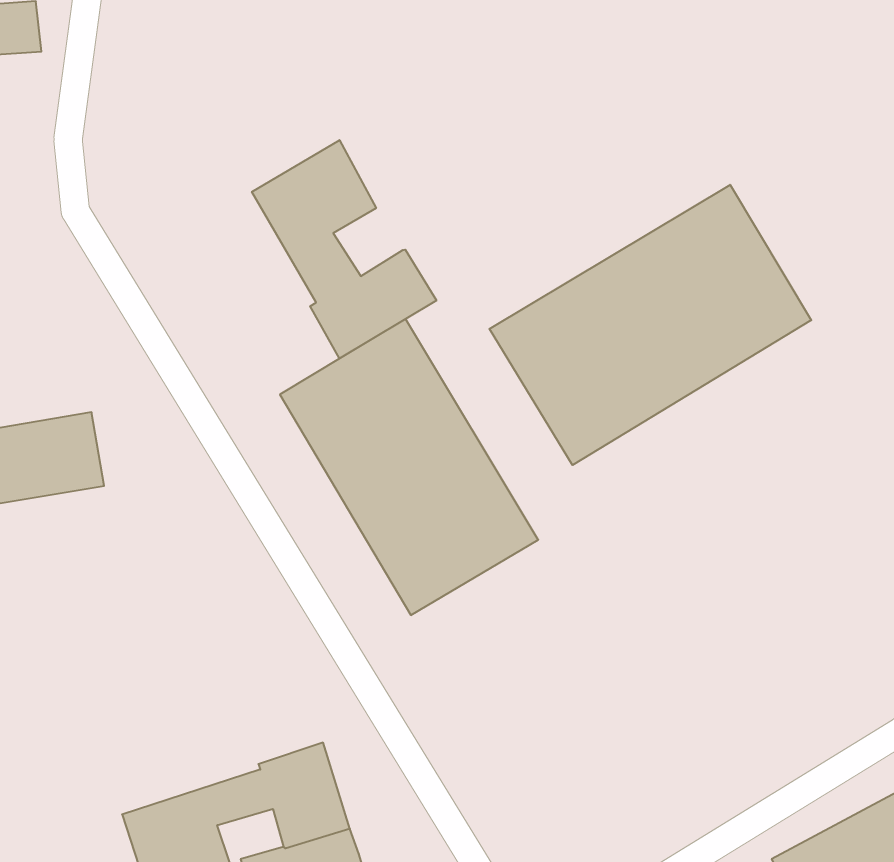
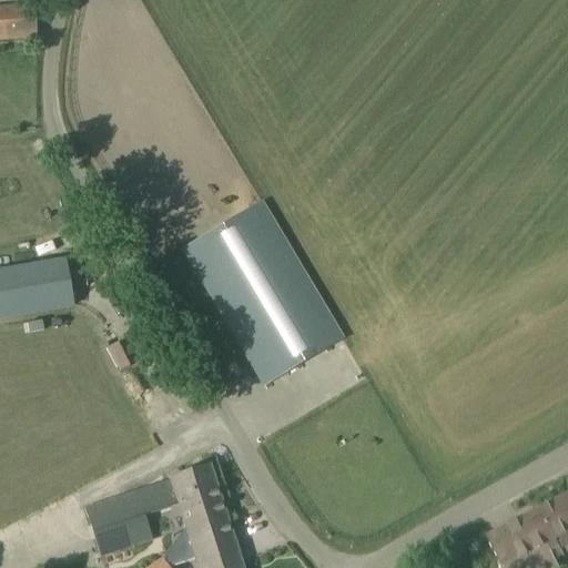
building: [252,140,436,359] -> none
building: [489,185,811,465] -> none

